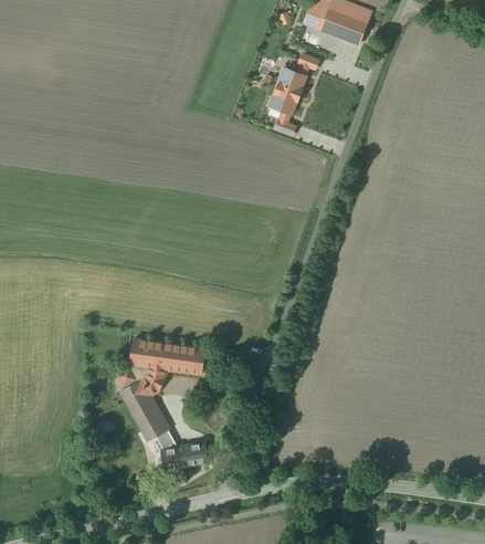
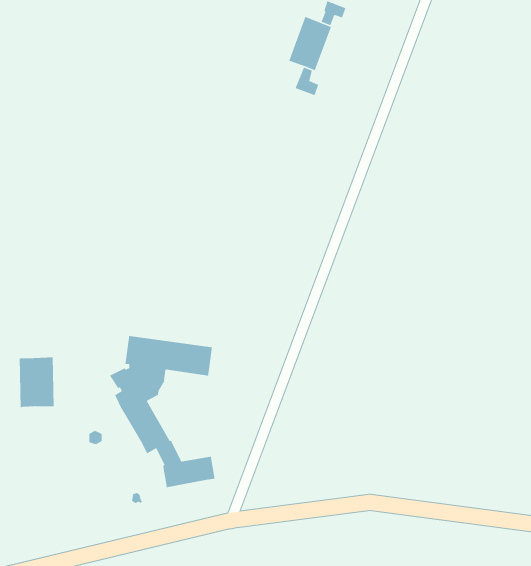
building: none -> [19,357,55,408]

